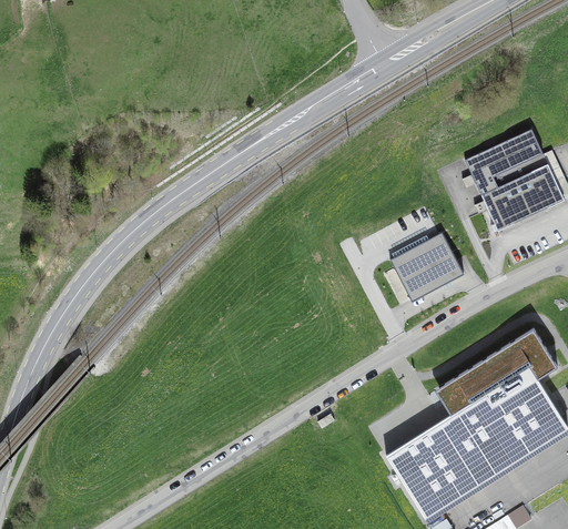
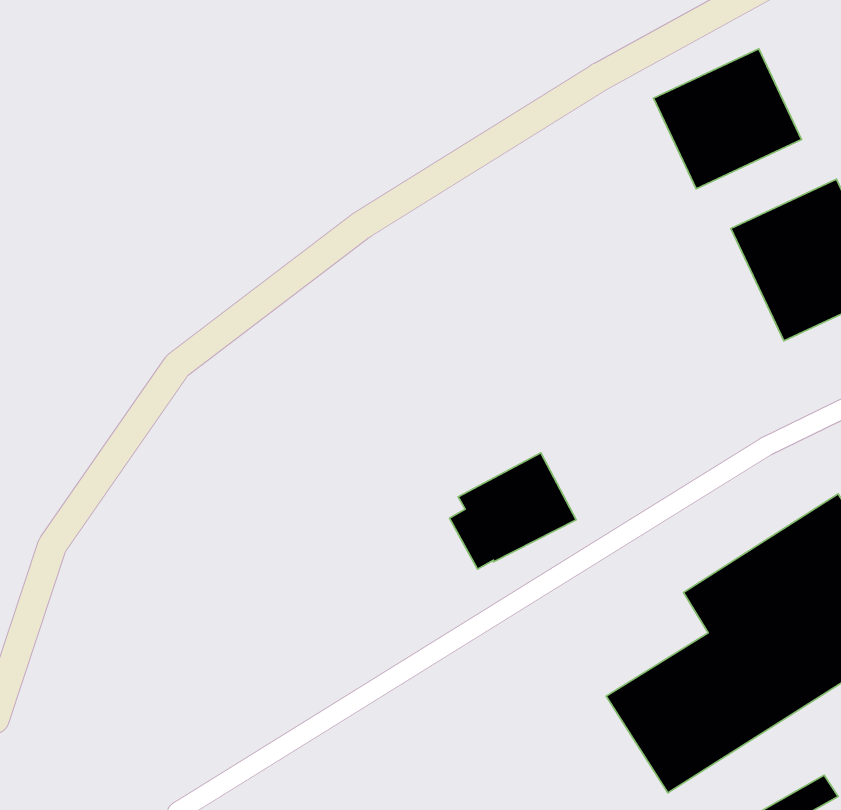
building: none -> [654,49,802,189]
building: [385,233,465,306] -> [449,453,576,569]

